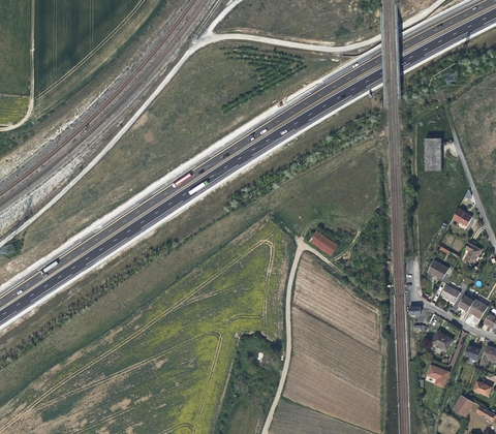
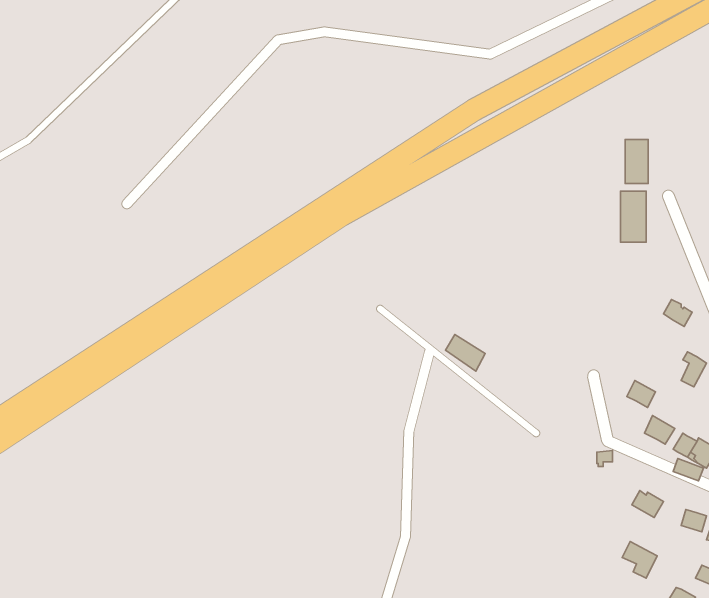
building: none -> [625,139,648,184]

